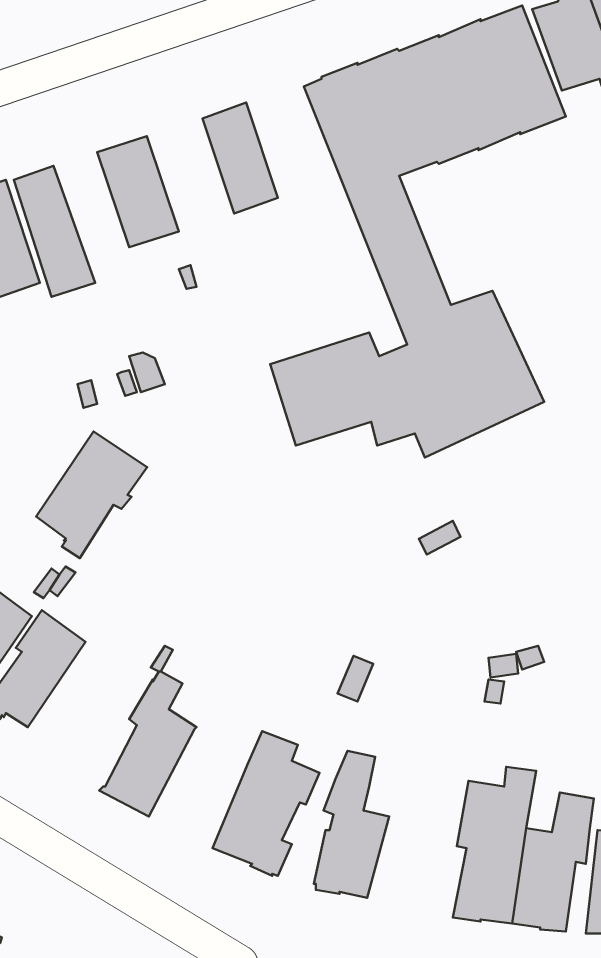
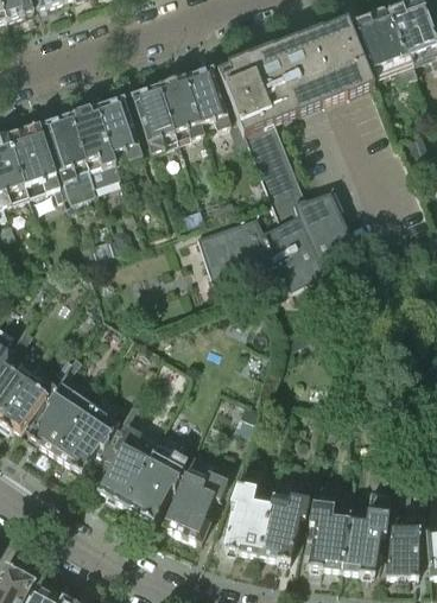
building: none -> [182,68,229,134]
building: none -> [132,87,175,151]
building: none -> [66,107,116,185]
building: [36,431,147,558] -> [51,400,118,476]
building: none -> [124,450,185,520]
building: none -> [254,491,309,561]

